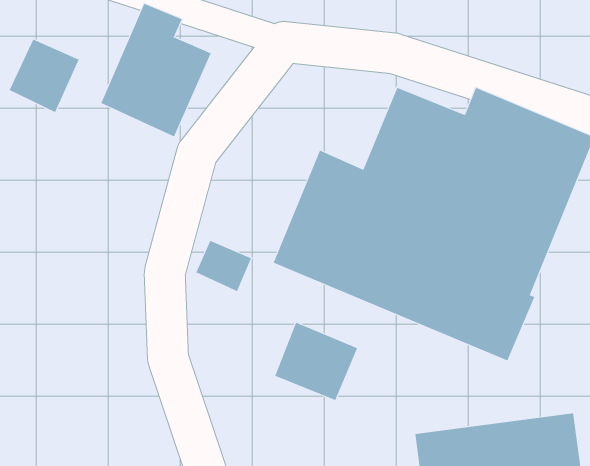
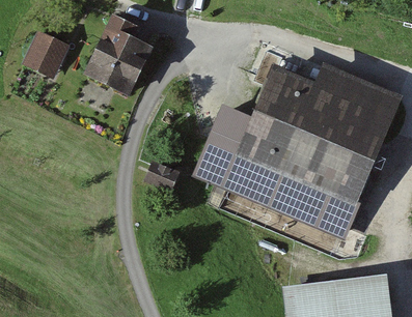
building: [275,322,358,401] -> none

